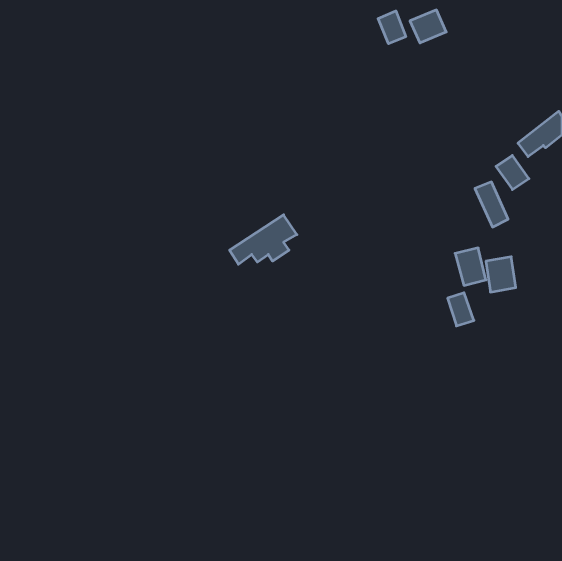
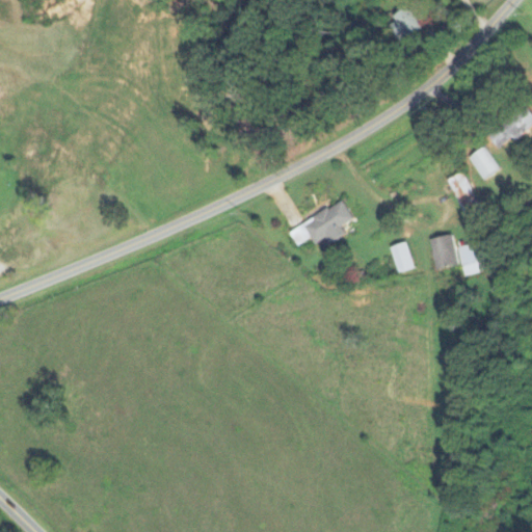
building: [378,11,406,44] -> none
building: [230,215,297,264] -> [290,200,353,246]
building: [448,293,474,326] -> [390,241,415,272]

